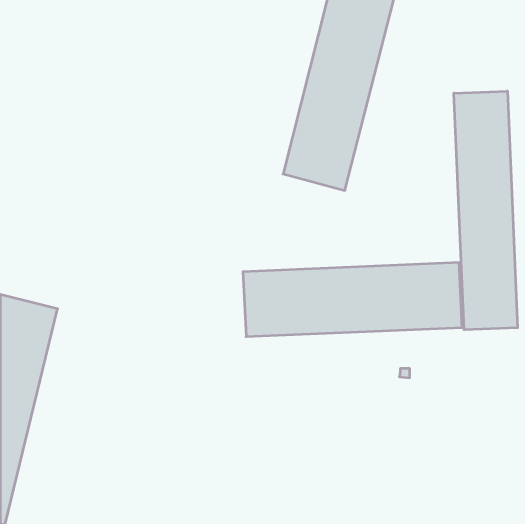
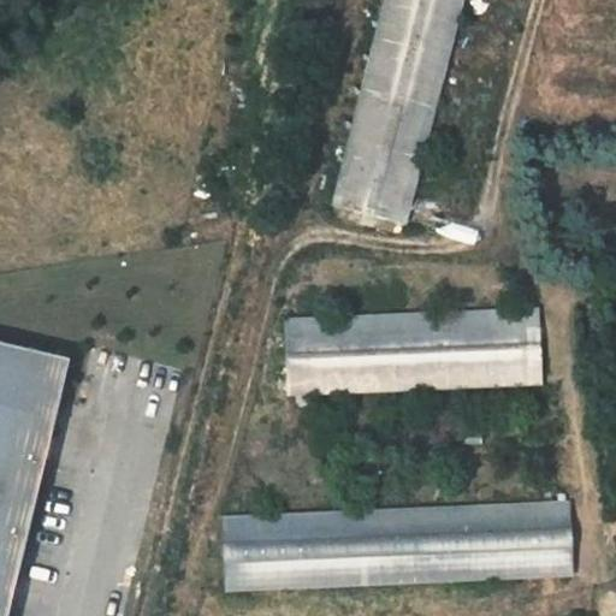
building: [454,91,518,330] -> none
building: none -> [224,500,573,588]

